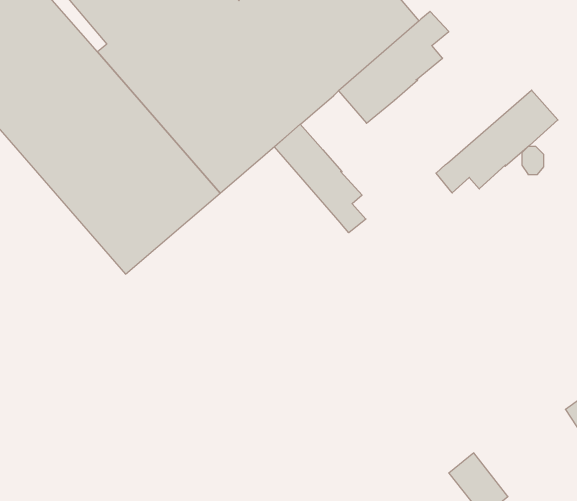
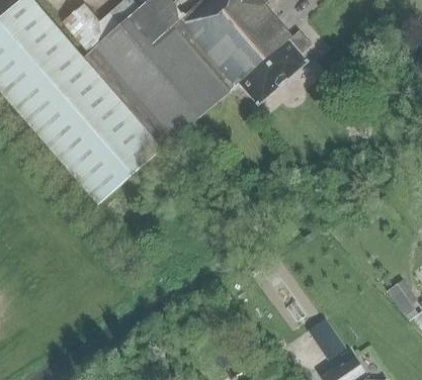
building: [436,90,558,193] -> none
building: [274,124,366,233] -> none

